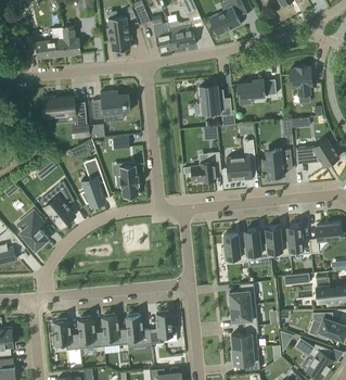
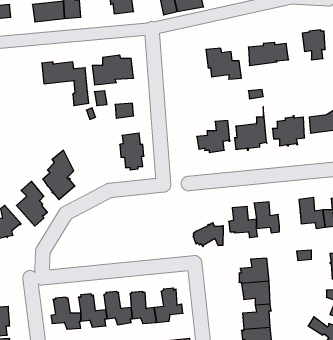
building: [80,157,108,207] -> none
building: [266,227,290,256] -> none
building: none -> [193,223,223,247]

